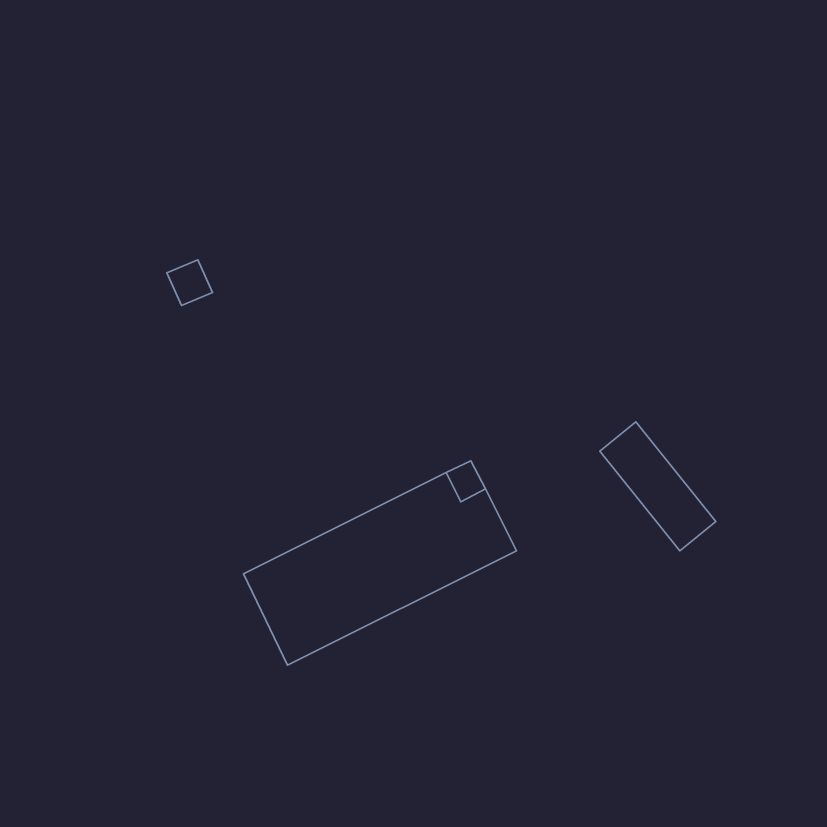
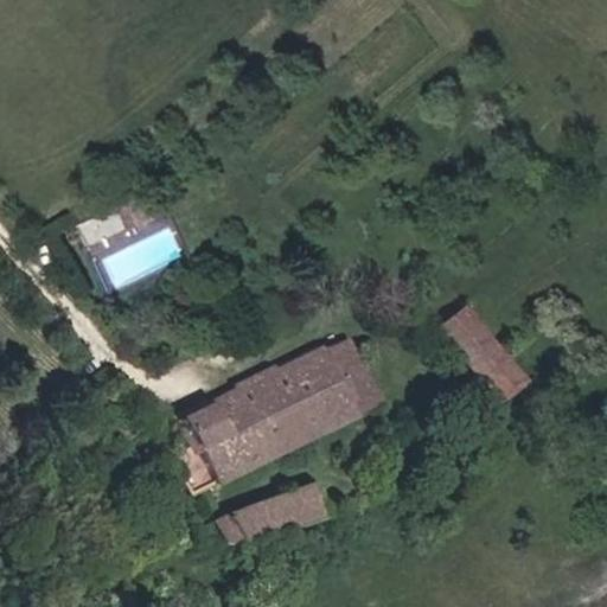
building: none -> [215,484,330,541]

